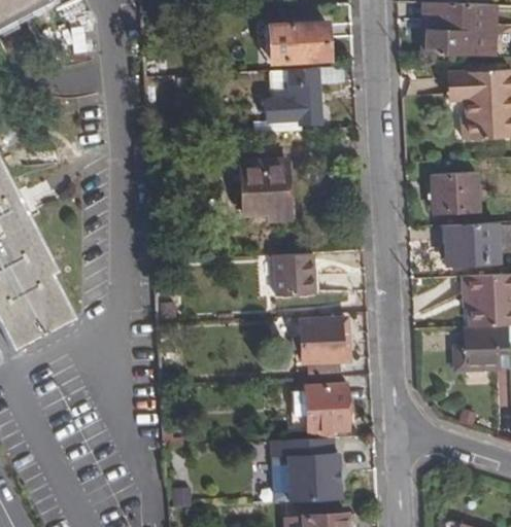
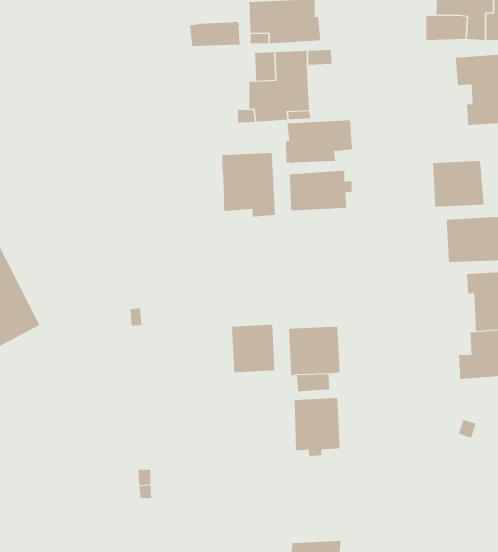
building: none -> [189,21,240,47]
building: none -> [285,120,353,163]
building: none -> [289,170,352,211]
building: [273,254,313,298] -> [231,324,275,373]
building: [272,438,342,504] -> none

